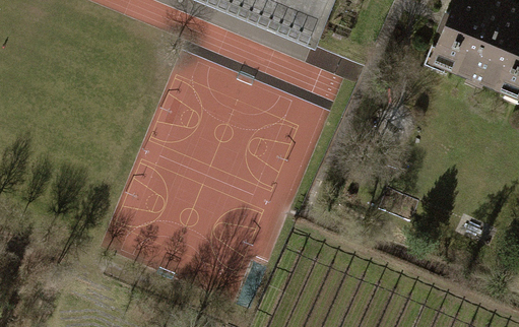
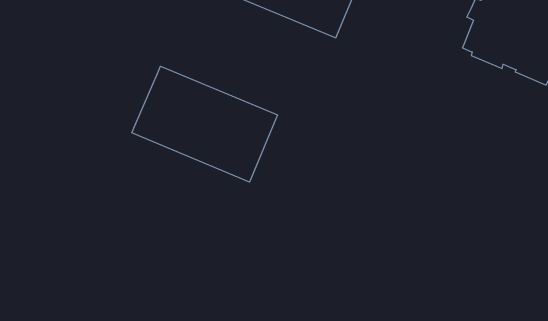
building: none -> [132,66,278,182]

